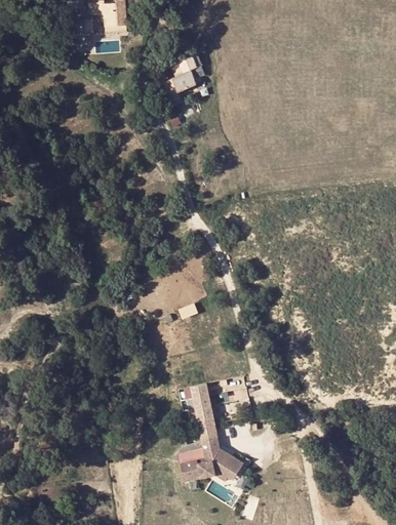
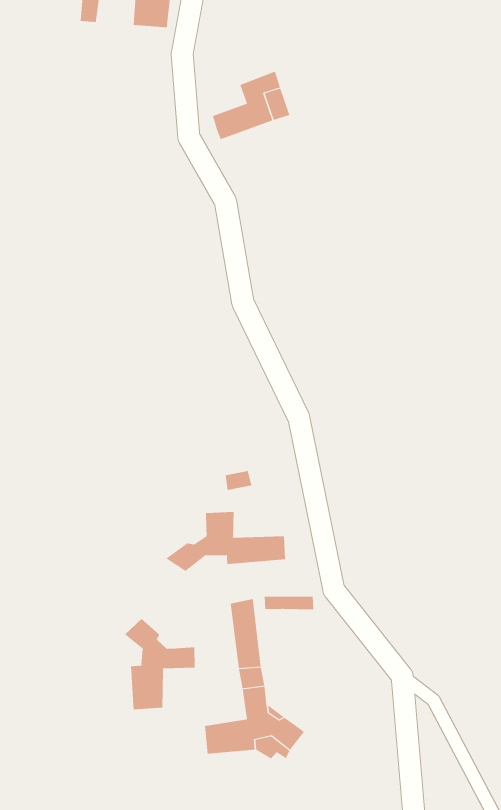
building: none -> [165,511,286,572]
building: none -> [124,618,195,710]

